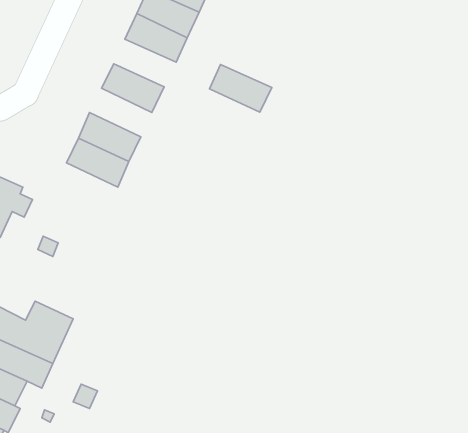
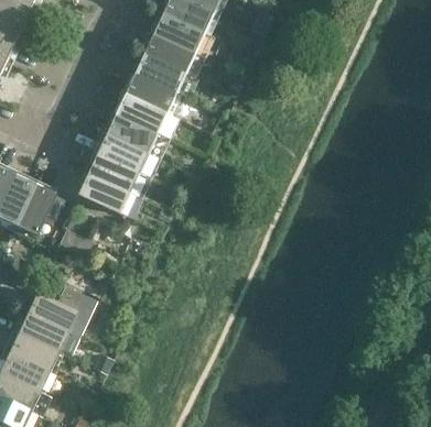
building: [209,65,272,112] -> [127,73,177,111]
building: none -> [107,112,158,152]
building: none -> [79,173,130,212]

